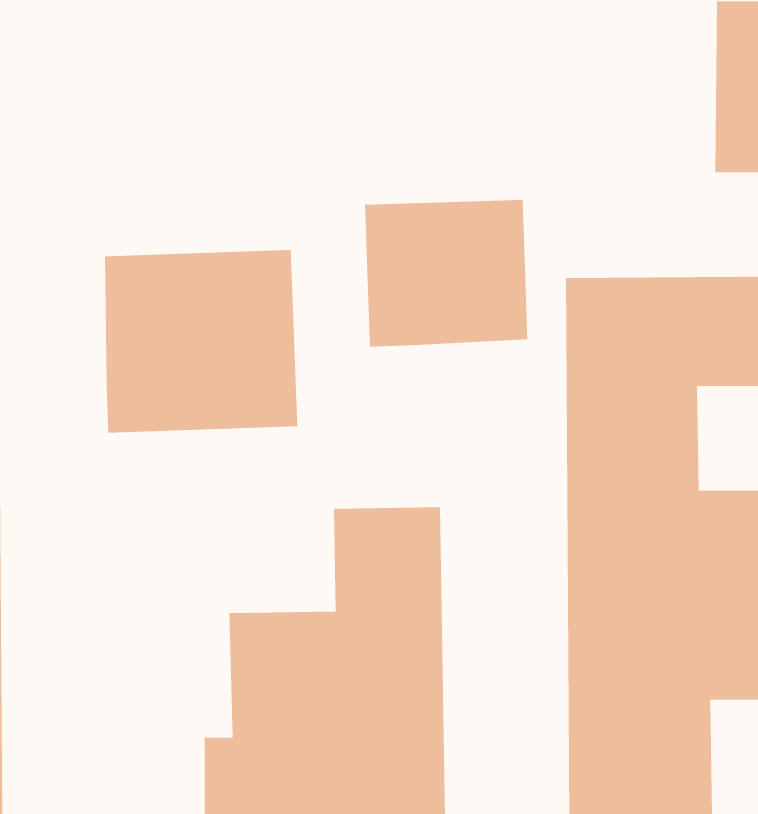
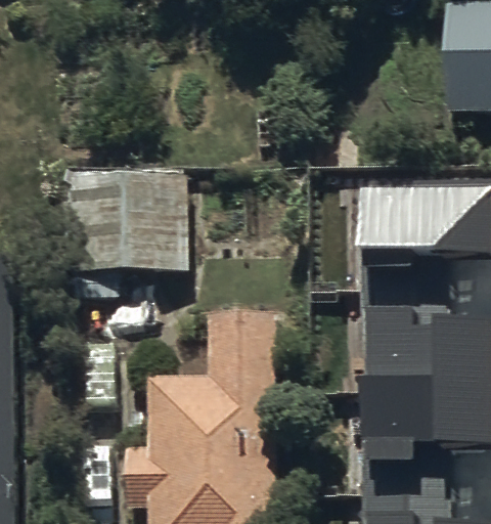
building: [364,199,528,347] -> none

